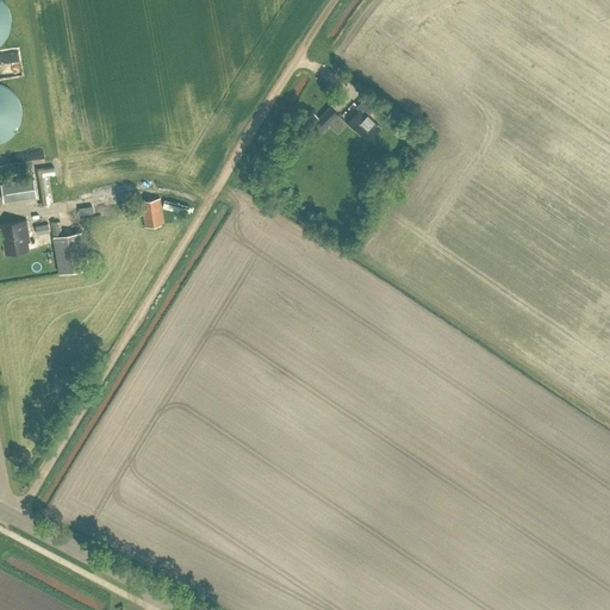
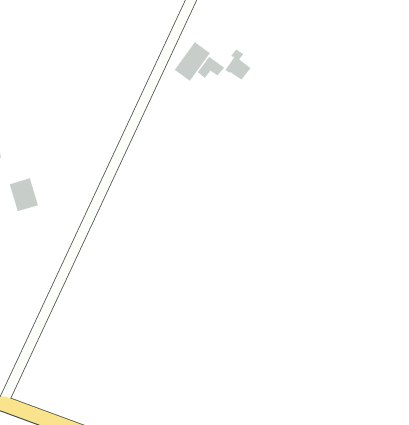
building: none -> [174,41,211,82]
building: [139,198,163,228] -> none

